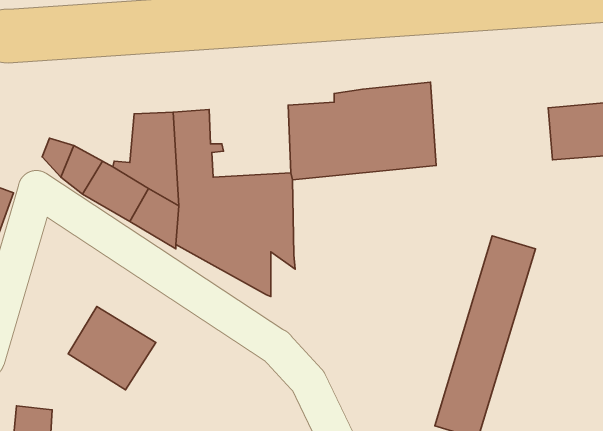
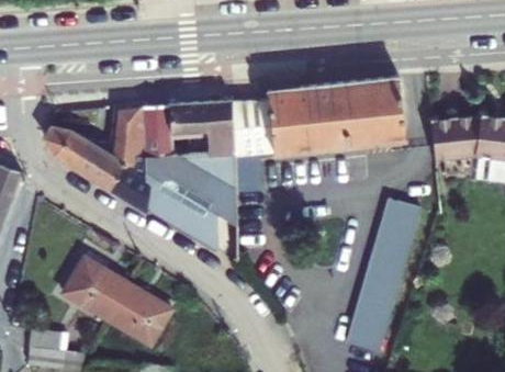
building: none -> [339,81,403,150]
building: none -> [170,104,233,159]
building: none -> [106,285,172,348]

